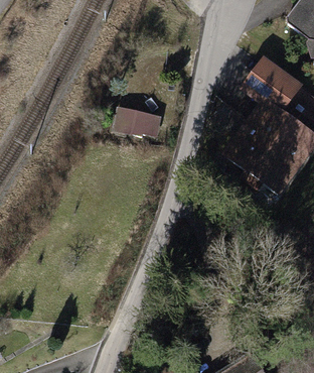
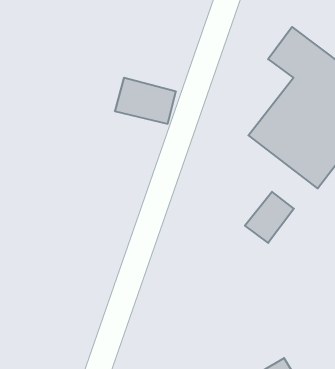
building: none -> [245,192,294,243]

